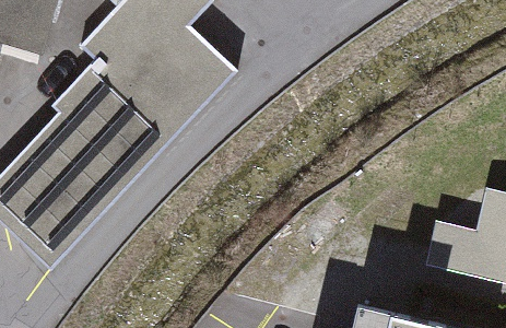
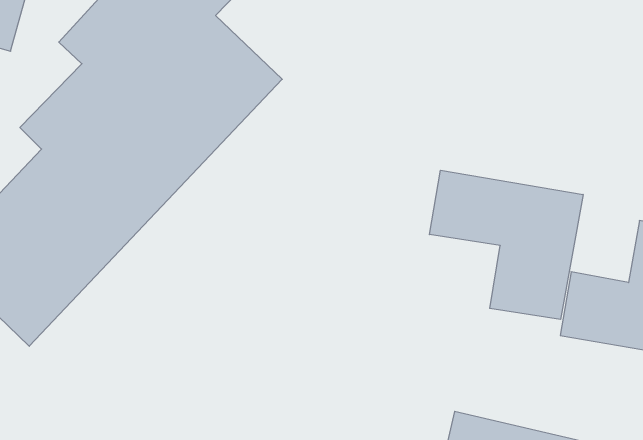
building: none -> [429,170,583,319]

